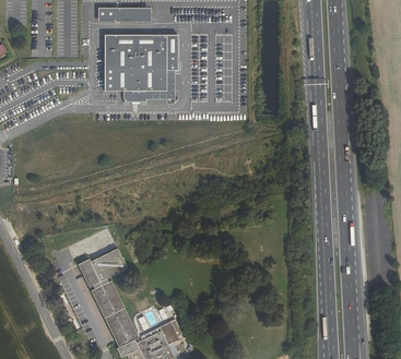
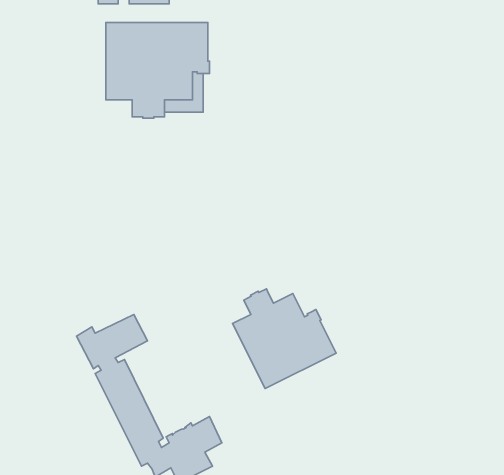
building: none -> [232,289,336,389]

